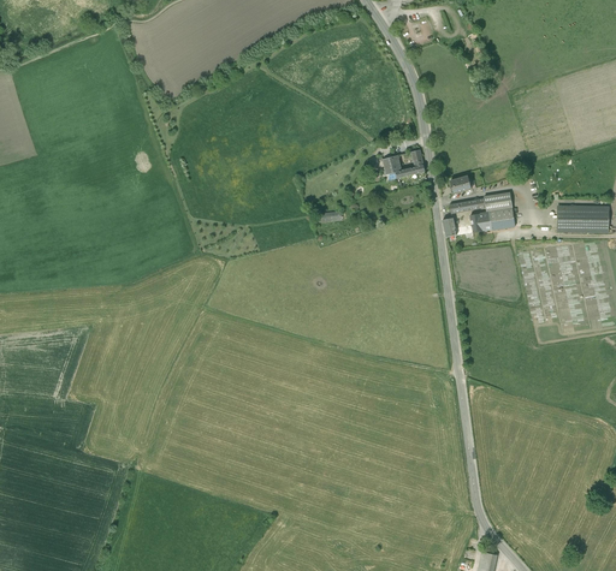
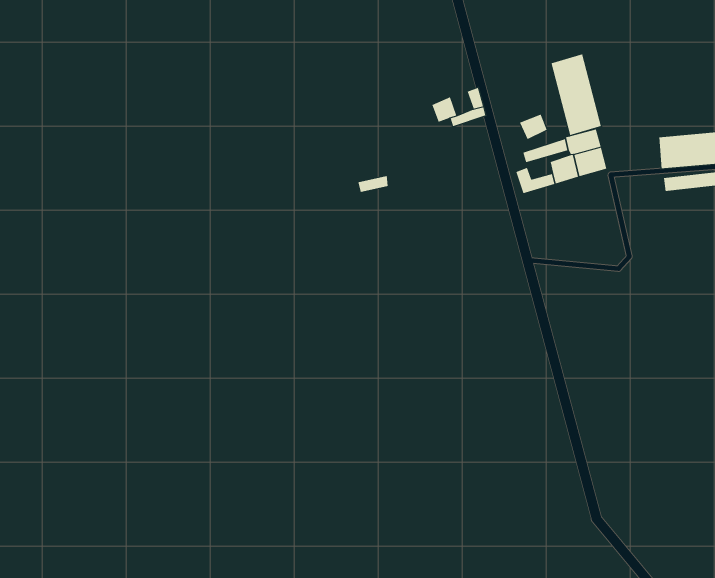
building: none -> [551,54,602,136]

